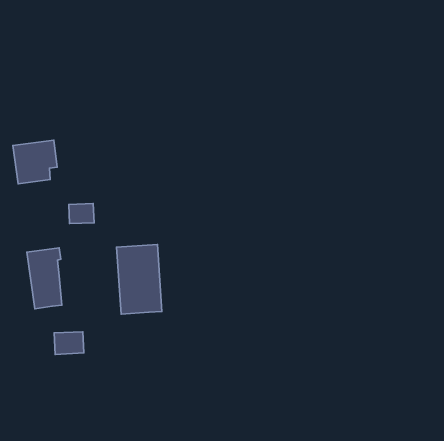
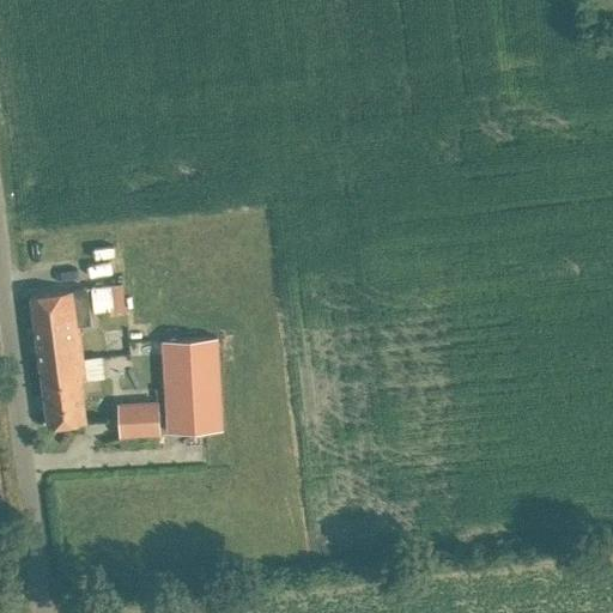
building: [13,140,57,184] -> [30,292,91,352]
building: [54,332,84,355] -> [119,407,159,438]

